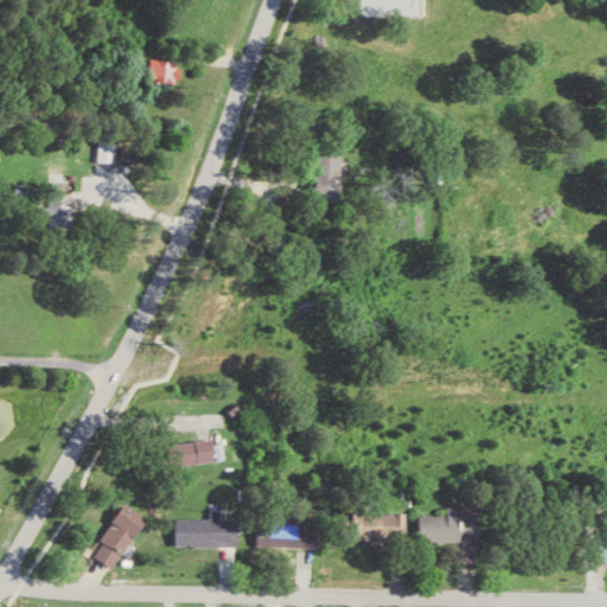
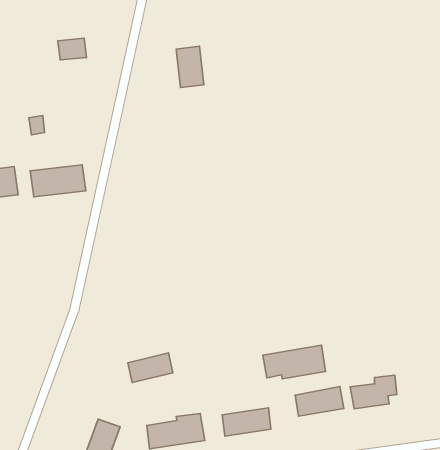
building: [313,154,343,200] -> [176,46,204,88]
building: none -> [30,165,86,197]
building: none -> [263,345,325,379]

